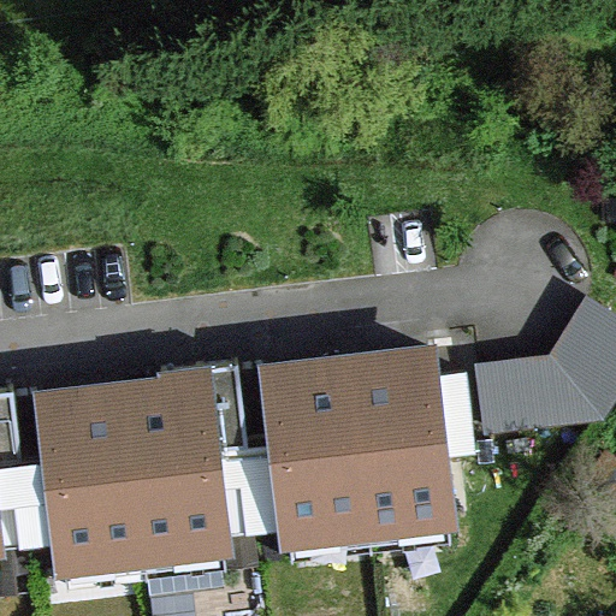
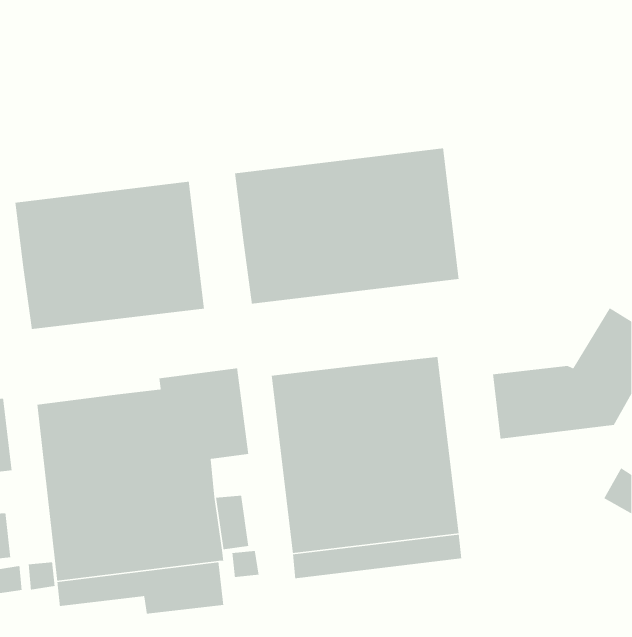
building: none -> [234,148,459,304]
building: none -> [15,181,205,330]

